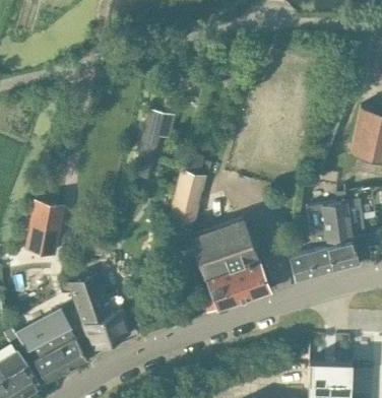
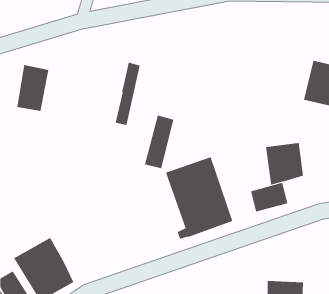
building: [25,200,63,254] -> [17,65,49,112]
building: [326,241,357,272] -> none
building: [70,272,130,353] -> none

